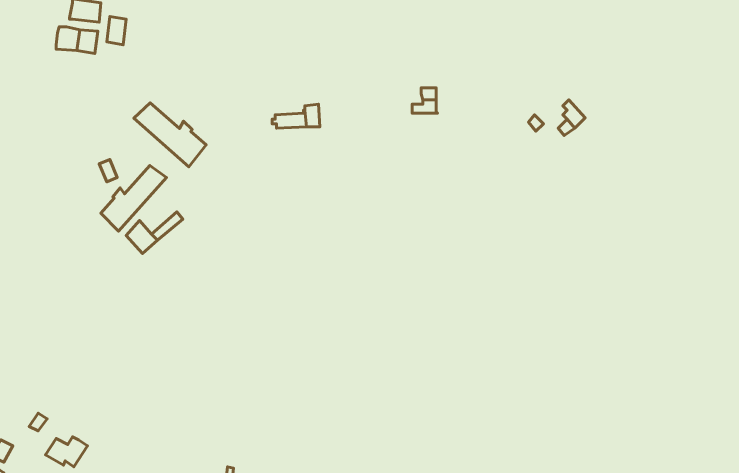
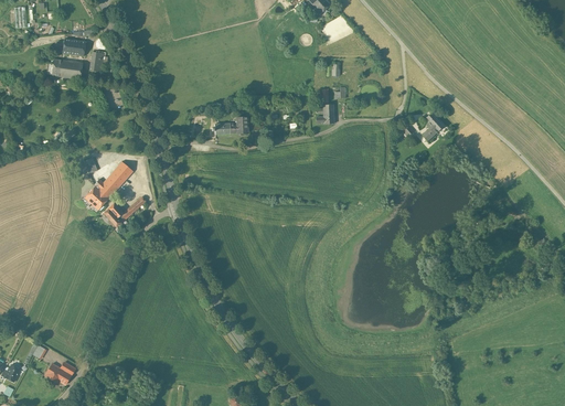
building: [134,103,206,167] -> none

